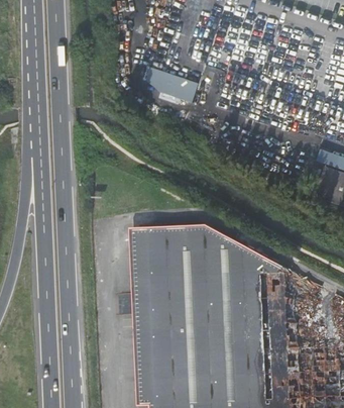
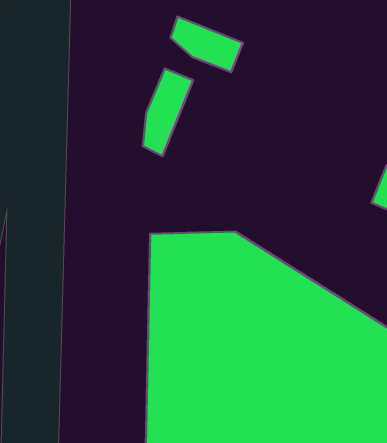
building: none -> [143,68,193,156]

